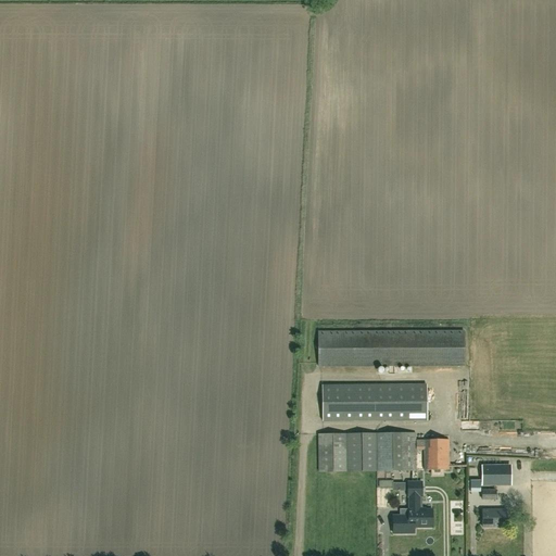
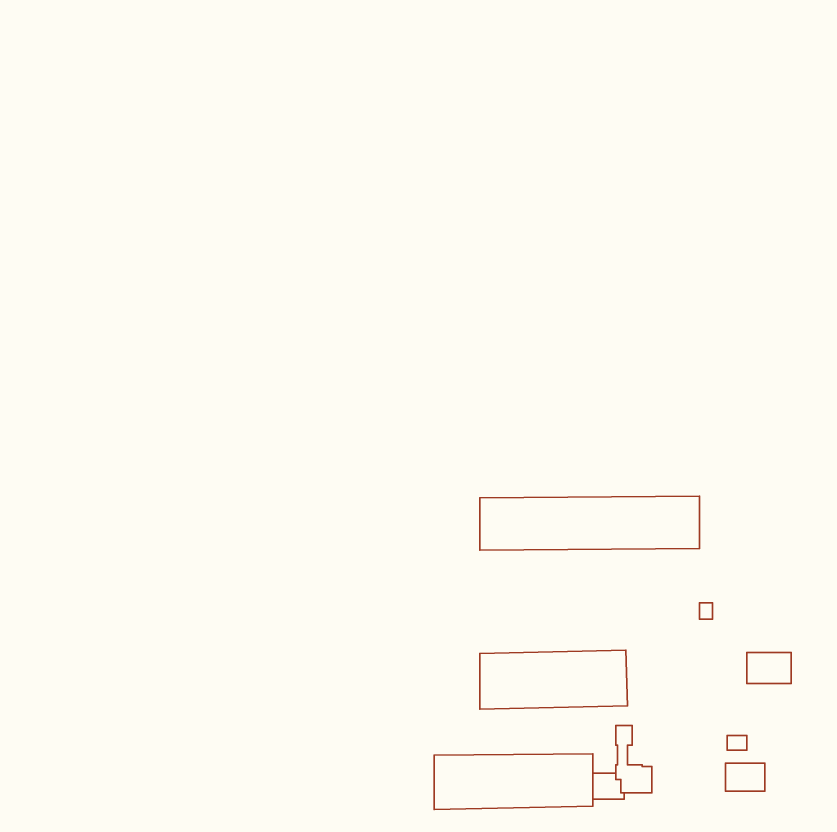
building: [321,383,427,420] -> [434,754,593,809]
building: [424,438,448,468] -> none
building: [481,463,510,483] -> [747,652,791,683]

